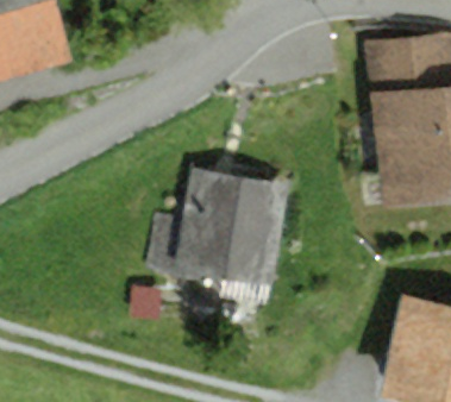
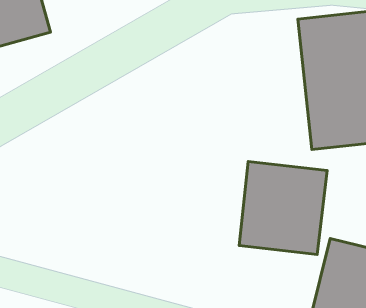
building: [181,169,284,278] -> [239,161,327,254]

